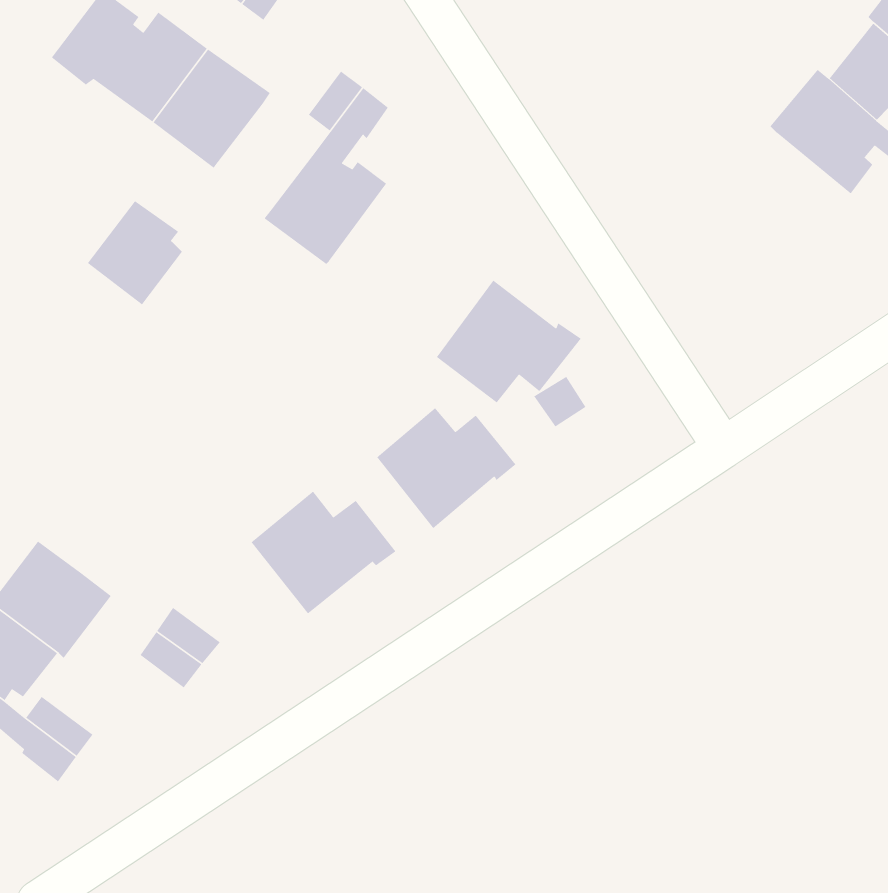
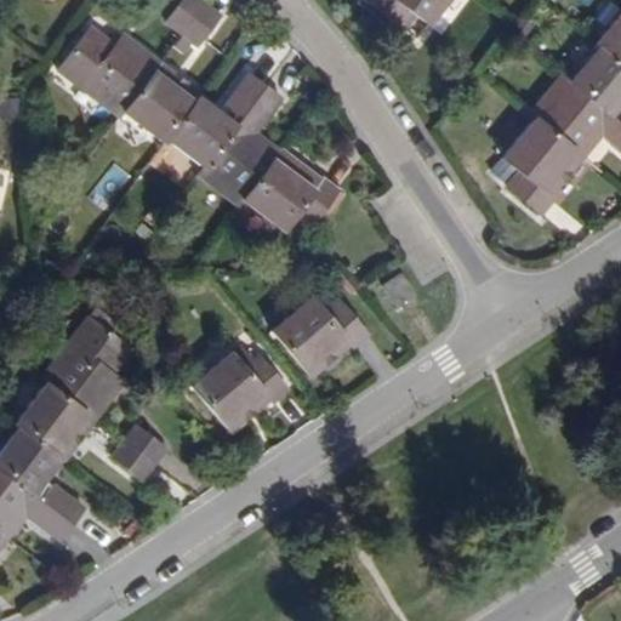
building: none -> [502,116,583,216]
building: [87,200,183,306] -> [166,97,229,166]
building: [436,279,582,403] -> [241,149,337,230]
building: none -> [50,317,132,420]

